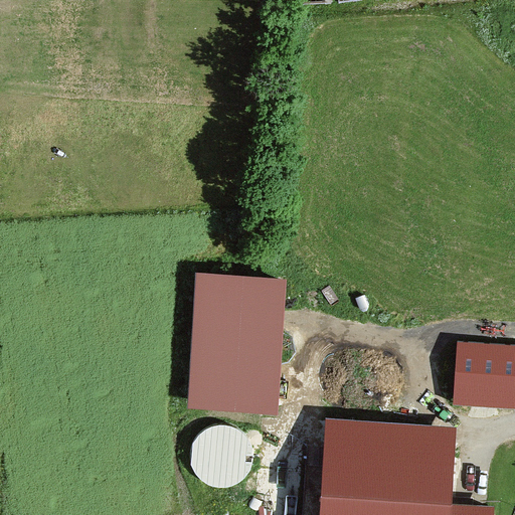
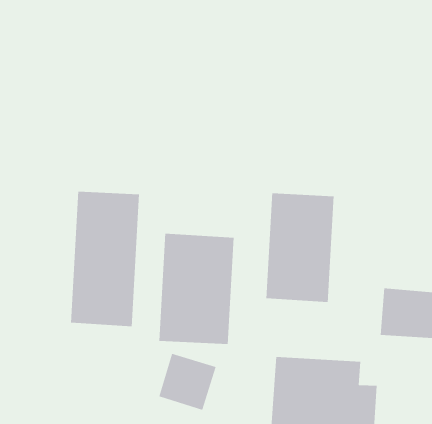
building: none -> [71,191,140,327]
building: none -> [266,193,334,303]

